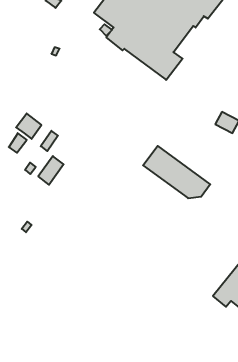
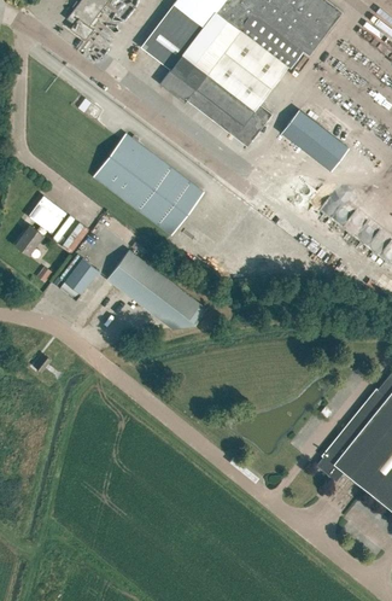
building: none -> [282,111,347,170]
building: none -> [94,134,203,234]
building: [143,146,210,198] -> [105,250,204,327]

